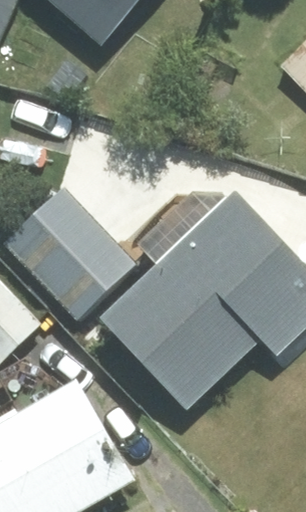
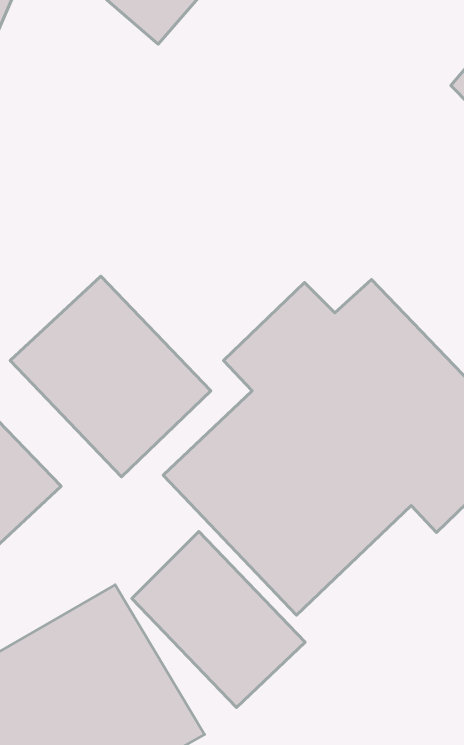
building: none -> [132,532,305,708]

